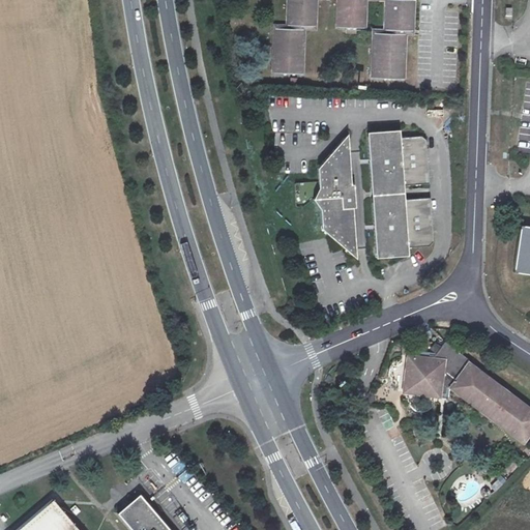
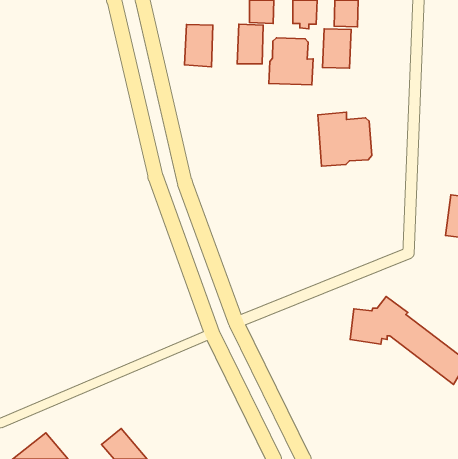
building: none -> [184,24,213,67]
building: none -> [269,38,313,85]
building: [315,138,357,256] -> none
building: [373,196,434,258] -> none

